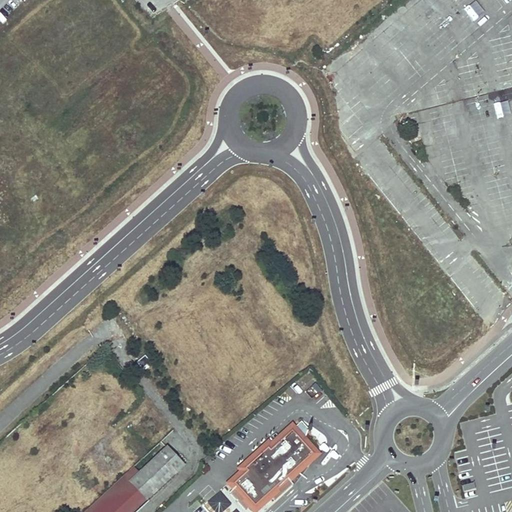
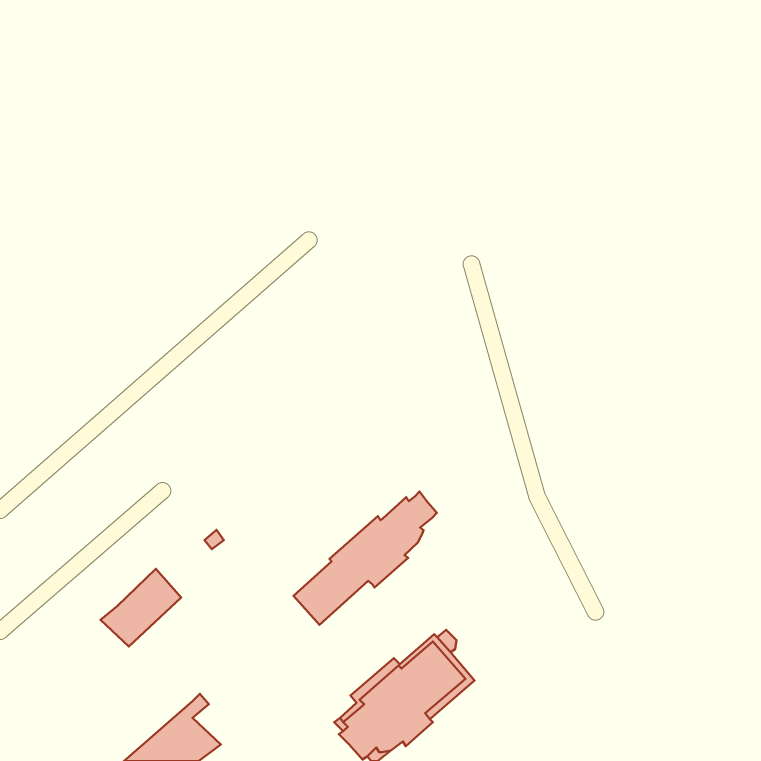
building: none -> [293,491,437,625]
building: [130,447,184,499] -> [101,569,181,647]

